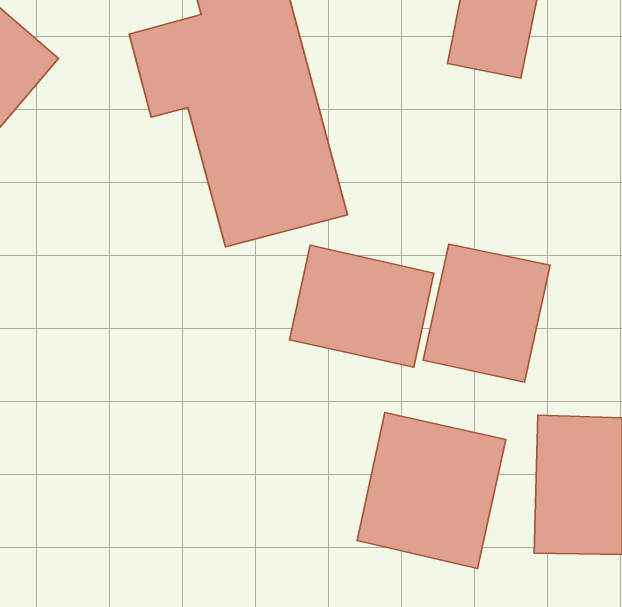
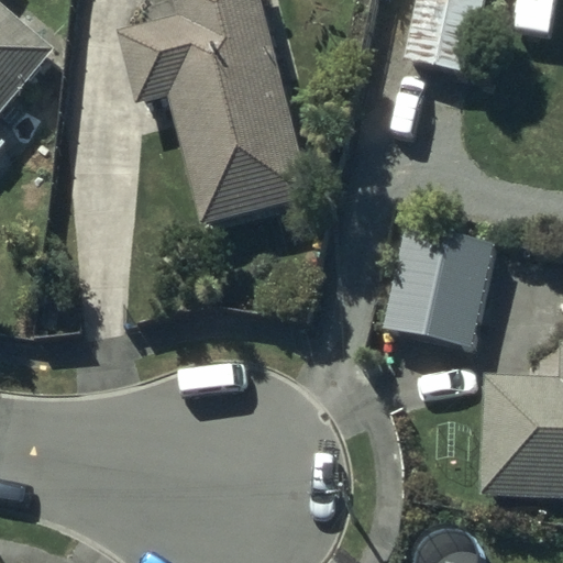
building: [290,245,434,367] -> none
building: [357,413,506,568] -> none

